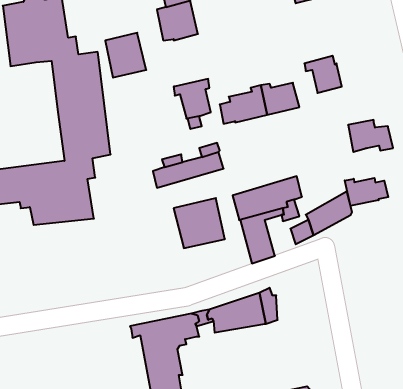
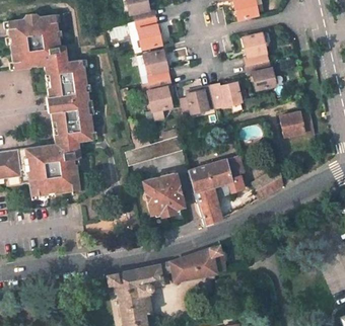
building: none -> [243,33,268,67]
building: [105,33,146,78] -> [137,50,169,85]
building: [345,178,388,206] -> none

